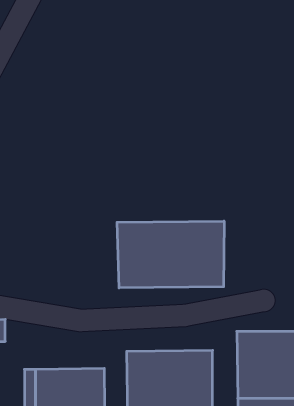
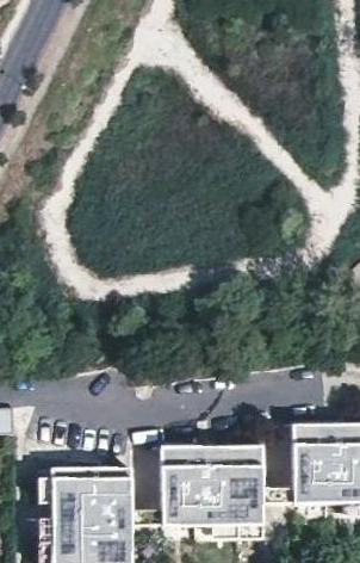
building: [117,221,224,288] -> none

